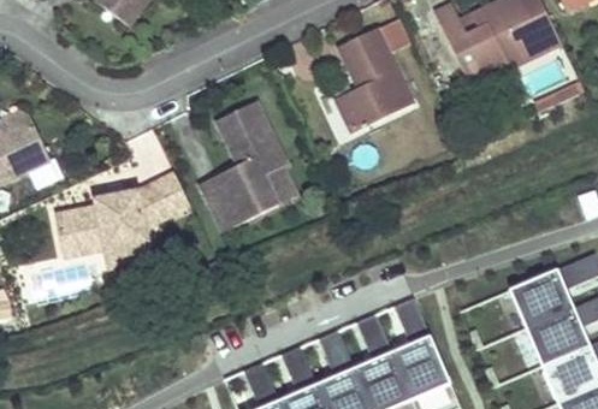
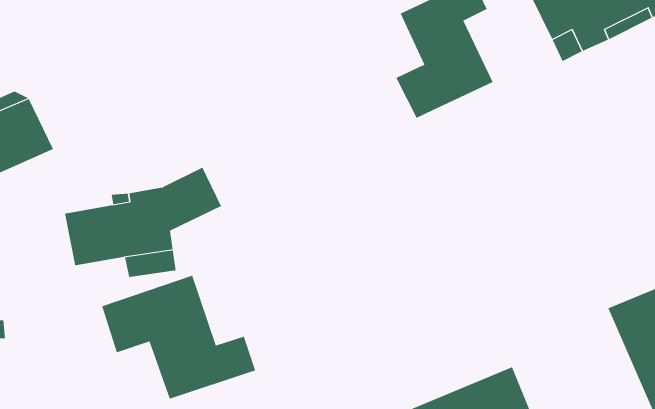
building: [201,99,298,229] -> none
building: none -> [102,275,256,400]

